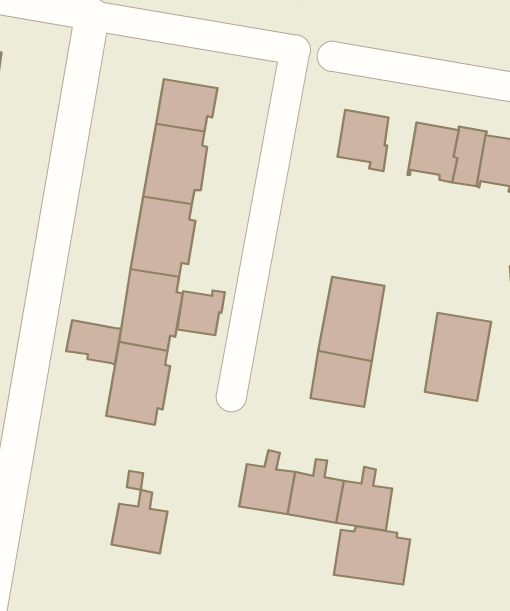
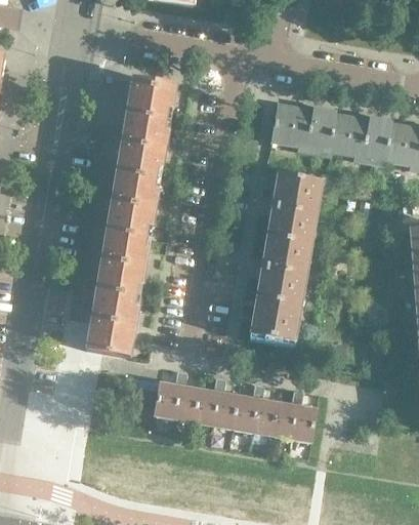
building: none -> [309,107,336,155]
building: [177,291,225,335] -> none
building: [425,313,491,401] -> [268,173,322,244]
building: [66,320,121,365] -> none
building: [111,490,168,554] -> [155,370,200,421]
building: [334,526,410,584] -> none

